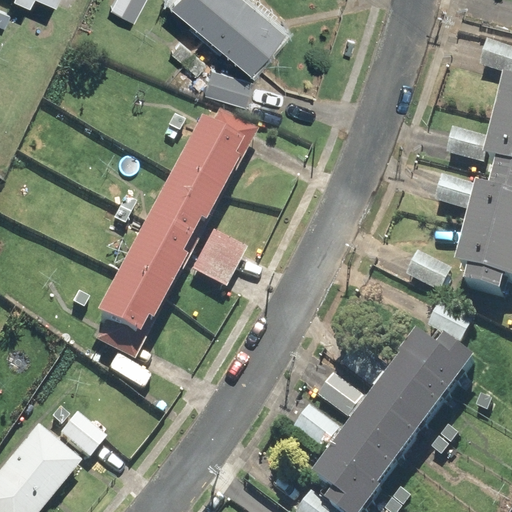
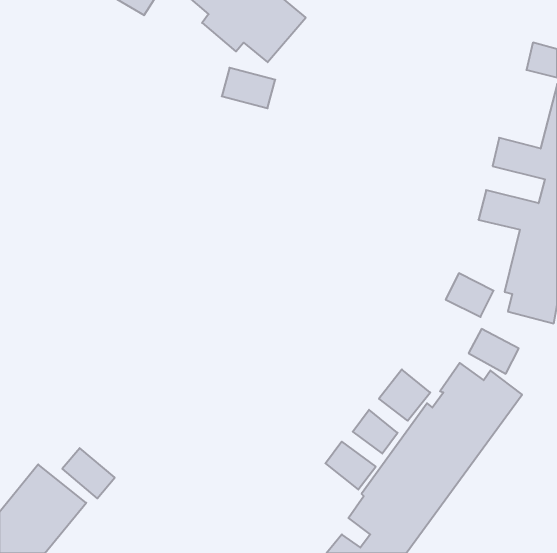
building: [94,110,255,387] -> none

